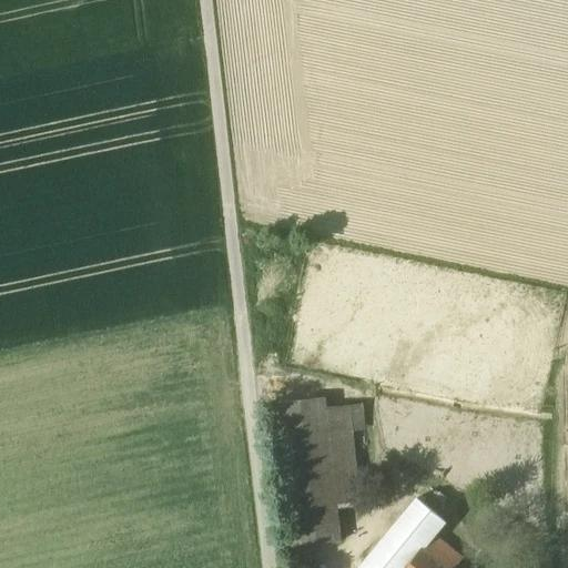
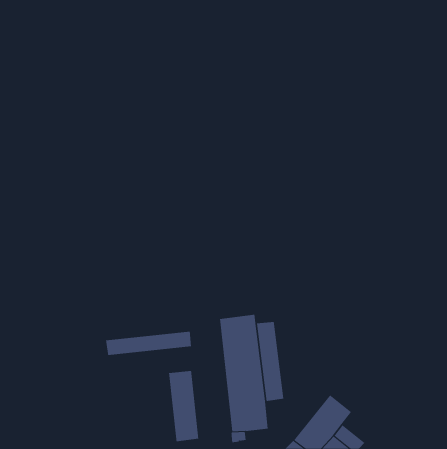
building: none -> [105,331,192,356]
building: none -> [169,370,199,442]

